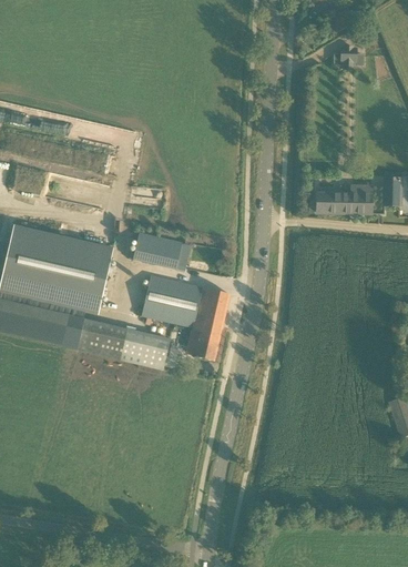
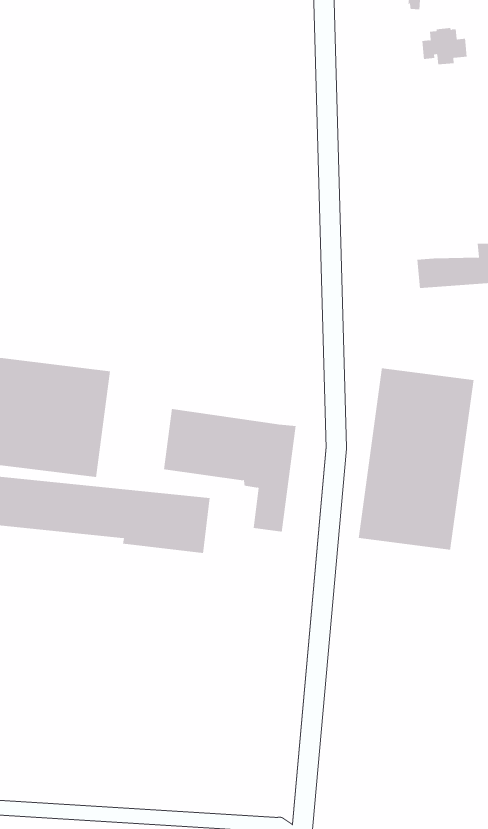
building: [133,232,184,269] -> none
building: none -> [358,367,474,551]

